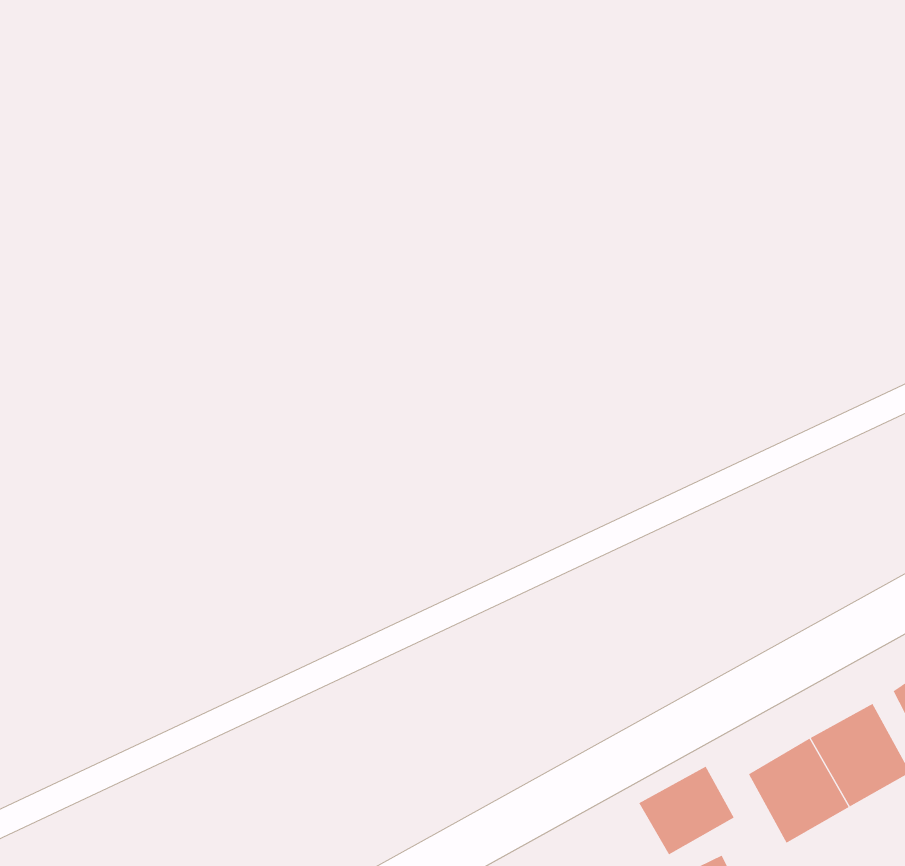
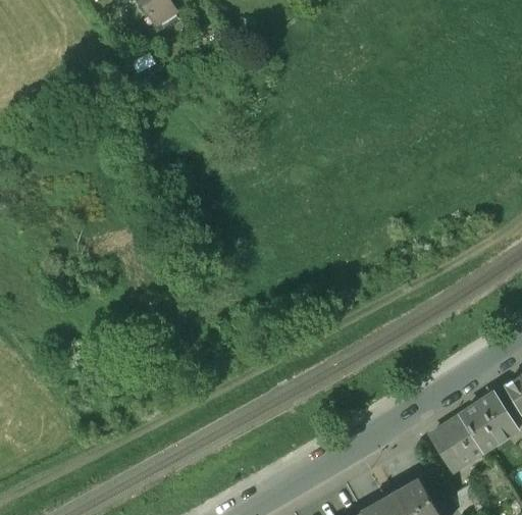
building: [639,766,735,855] -> none

